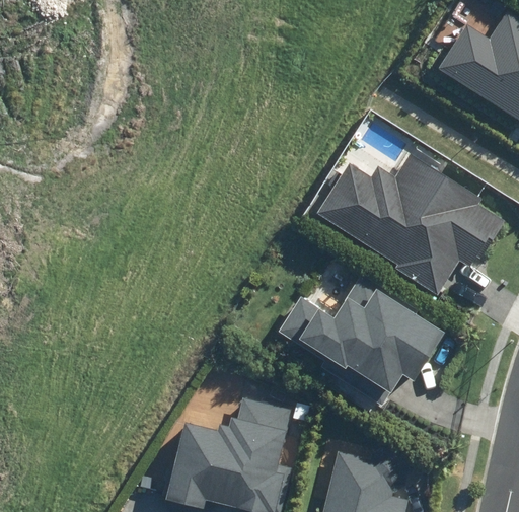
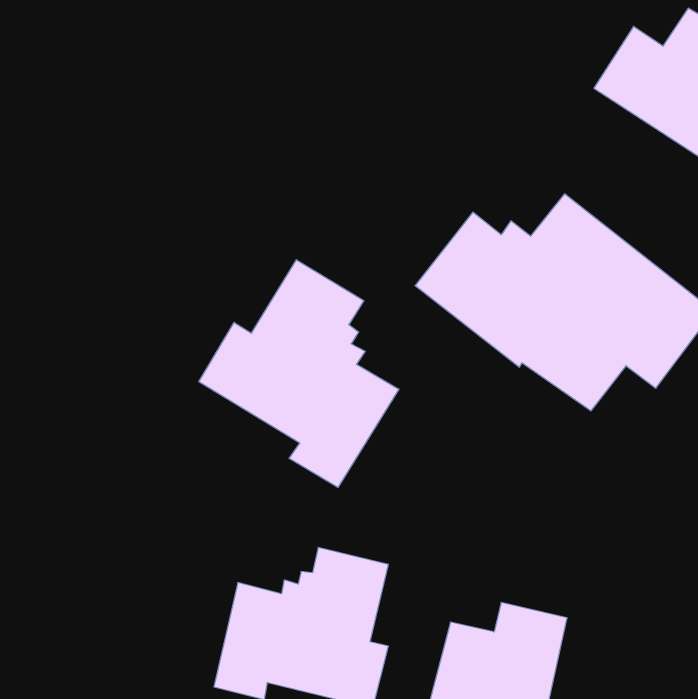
building: none -> [199,260,399,487]
building: [279,278,443,391] -> none

